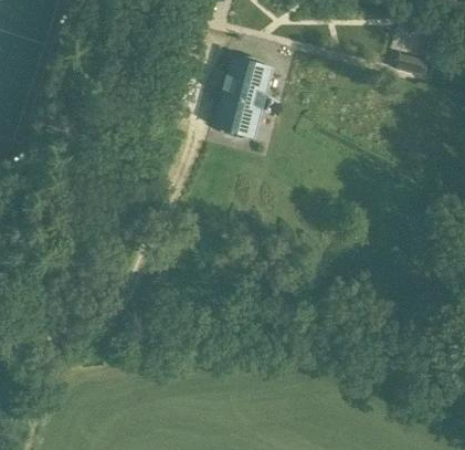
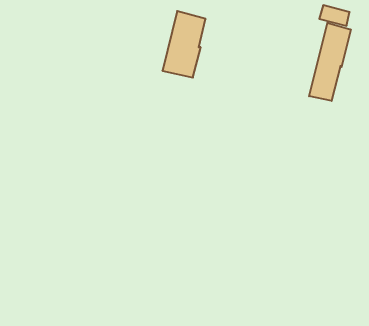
building: none -> [309,23,351,101]

